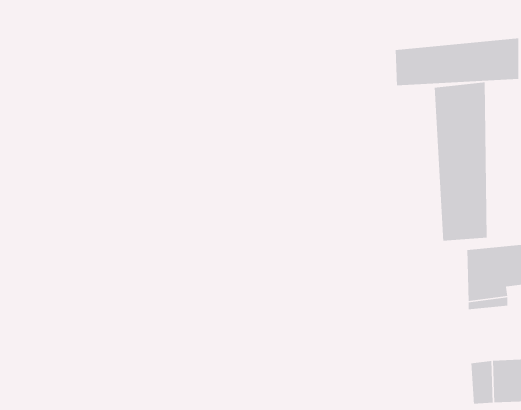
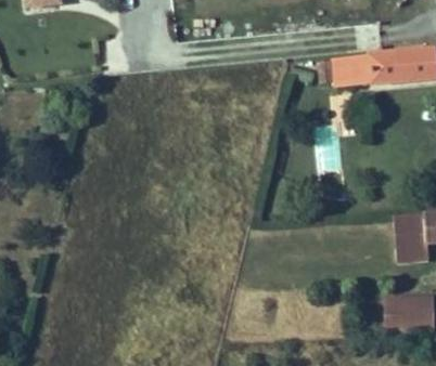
building: [434,81,488,241] -> none

